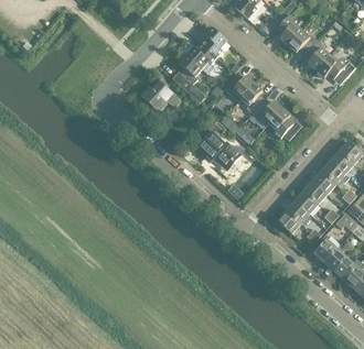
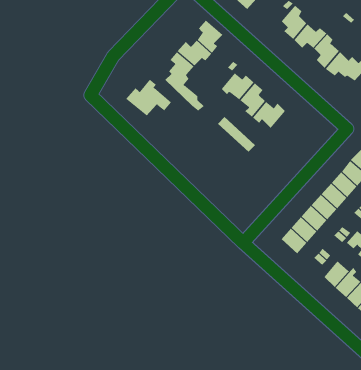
building: [269,108,302,141] -> none
building: [199,132,242,168] -> none

